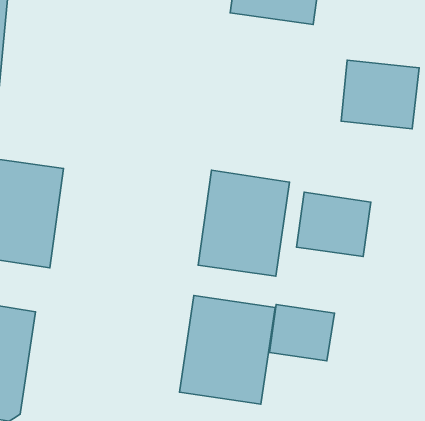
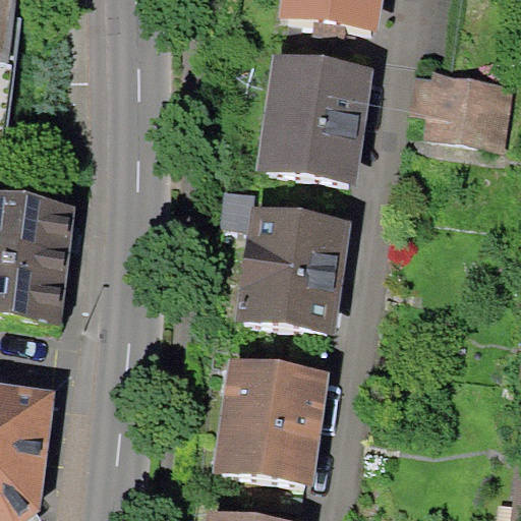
building: none -> [257,53,370,186]
building: [296,192,371,257] -> none
building: [269,304,335,361] -> none

